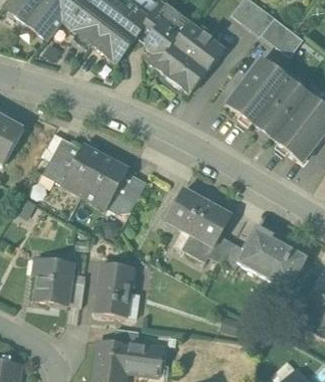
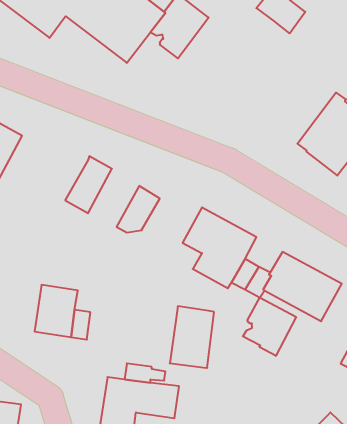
building: [262,17,304,56] -> none
building: [156,22,224,93] -> none
building: [227,58,302,134] -> none
building: [44,138,83,183] -> none
building: [83,156,129,208] -> none
building: [95,262,134,317] -> [170,306,214,368]
building: none -> [243,297,296,356]

